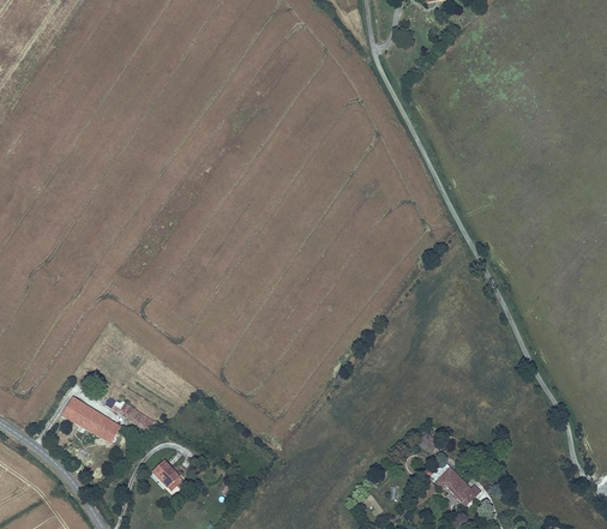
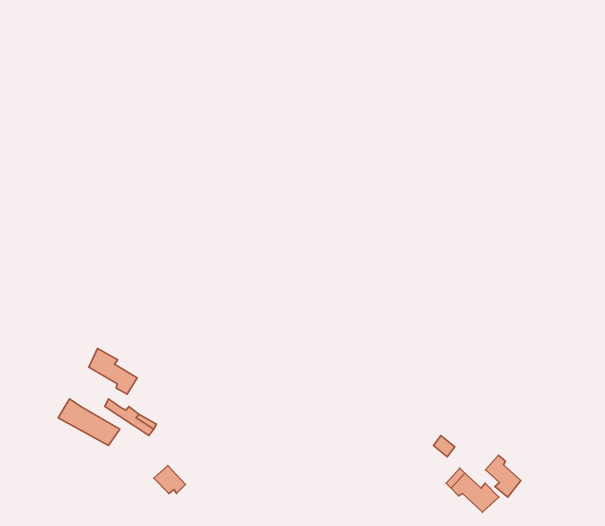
building: none -> [89,348,137,394]
building: none -> [485,455,521,497]

